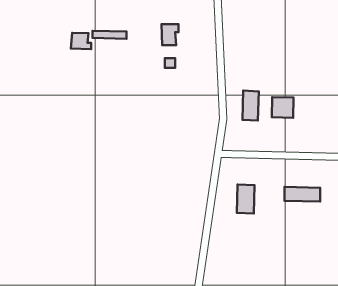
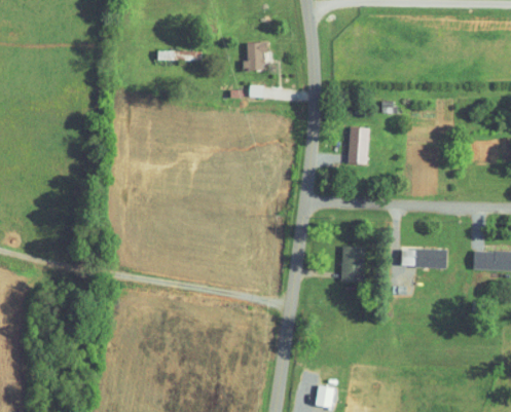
building: [71,33,91,49] -> none
building: [272,97,294,118] -> none

